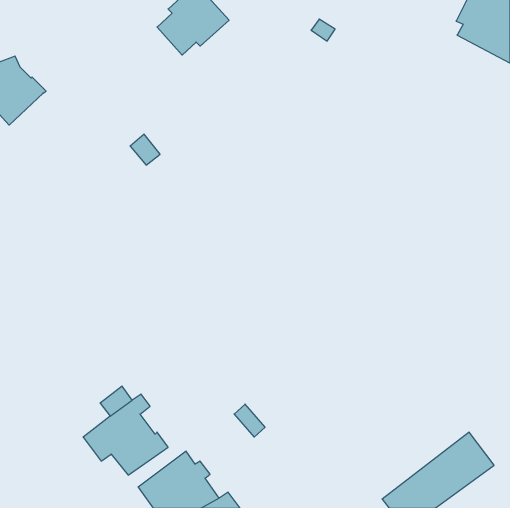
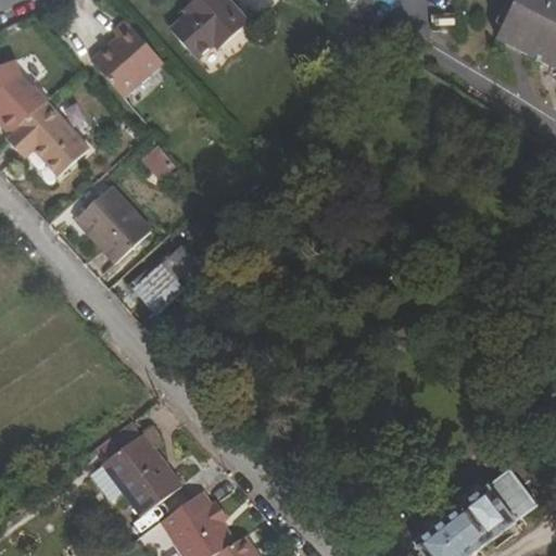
building: none -> [90,20,164,99]
building: none -> [7,101,90,176]
building: none -> [76,187,153,264]
building: none -> [135,247,197,315]

